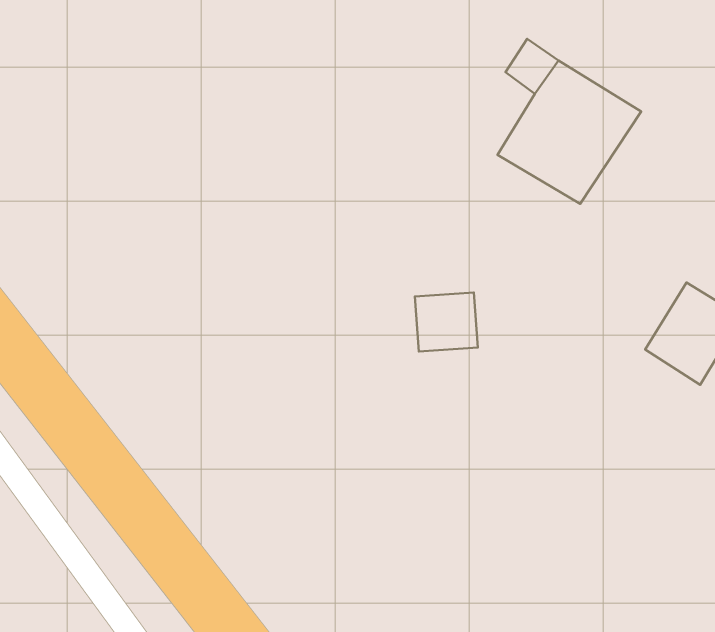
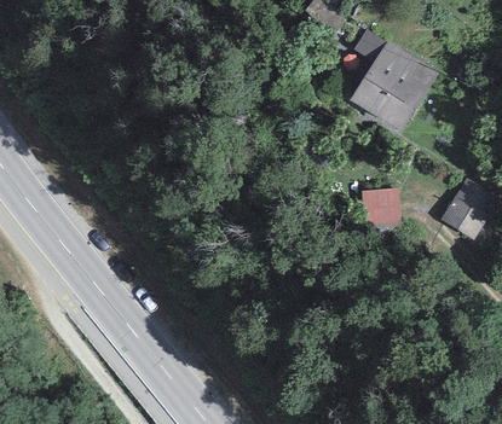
building: [415,292,478,351] -> [362,190,400,226]

